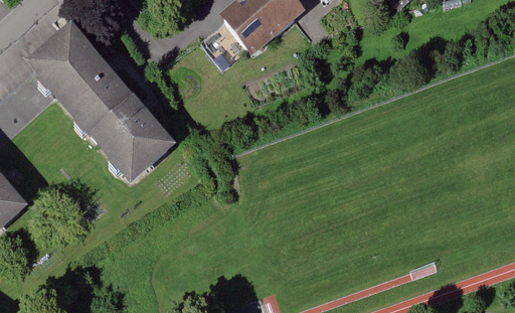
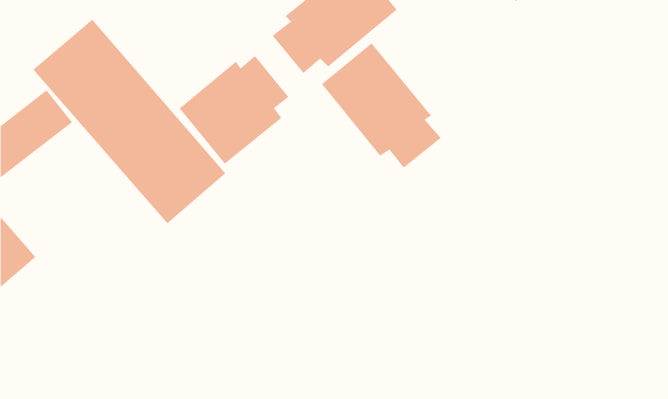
building: none -> [321,43,441,169]
building: none -> [179,55,289,164]

